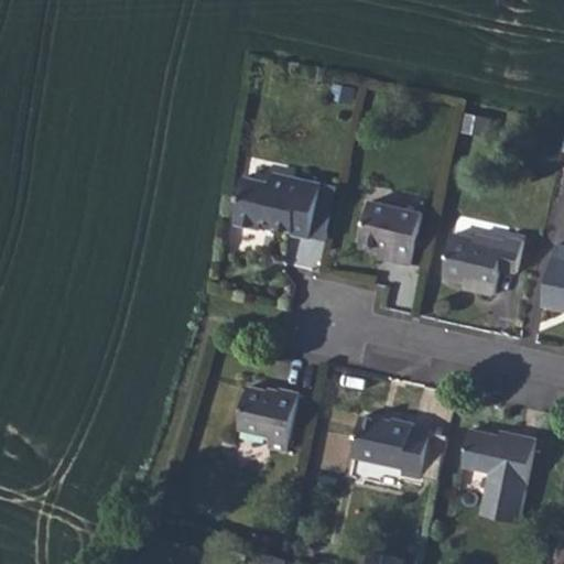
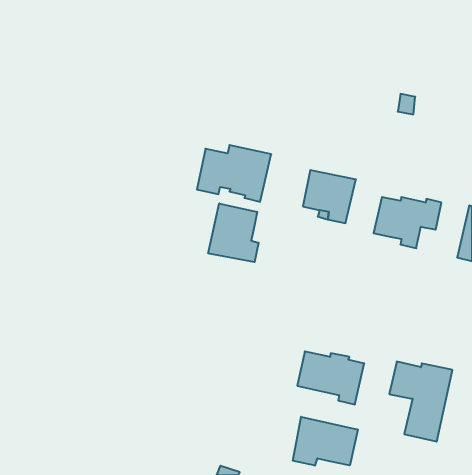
building: none -> [208,203,259,262]
building: [237,388,297,452] -> none
building: none -> [293,417,358,466]

